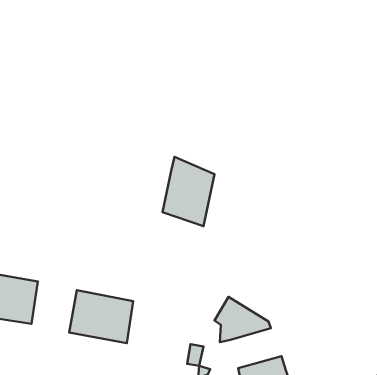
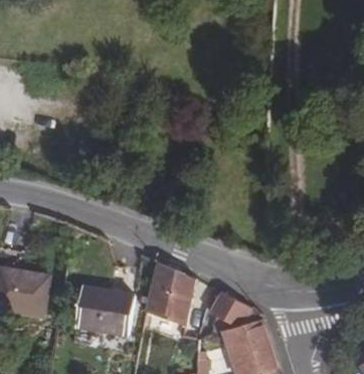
building: [162,157,214,226] -> [148,260,196,325]
building: none -> [226,321,274,358]

